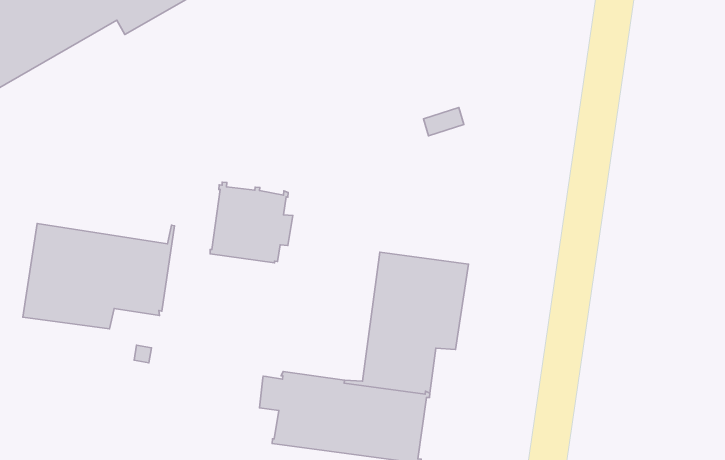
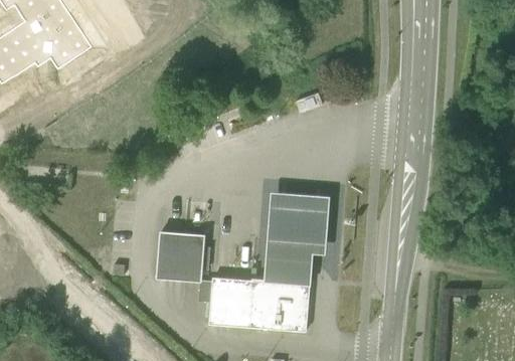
building: [210,182,293,263] -> [154,230,207,282]
building: [23,224,175,329] -> none

